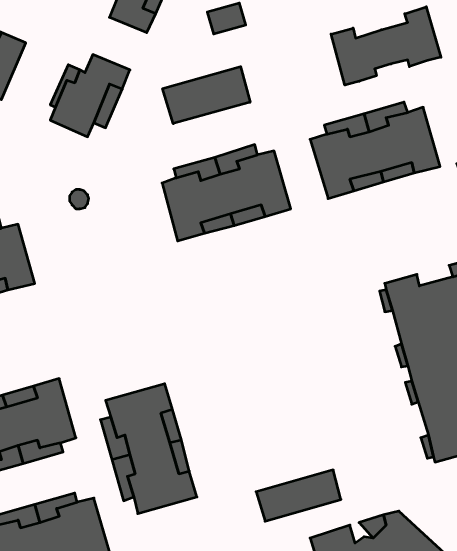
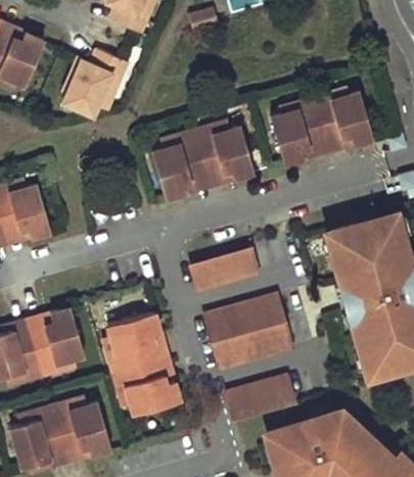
building: [331,7,441,85] -> none
building: [163,67,250,124] -> none
building: none -> [190,246,258,287]
building: none -> [205,298,291,366]

